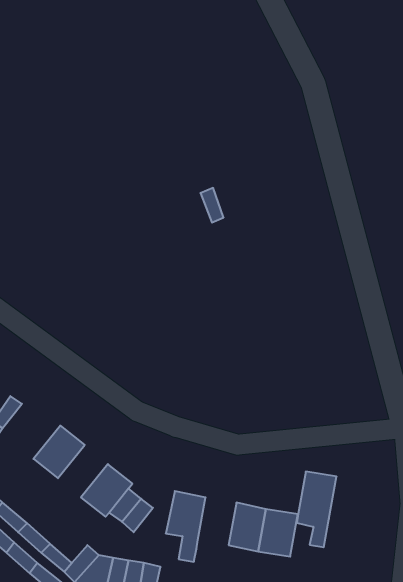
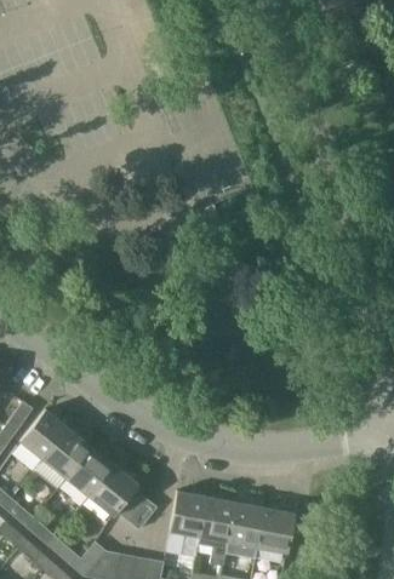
building: none -> [19,409,69,460]
building: none -> [67,447,114,497]
building: [297,472,337,547] -> [198,497,235,568]

